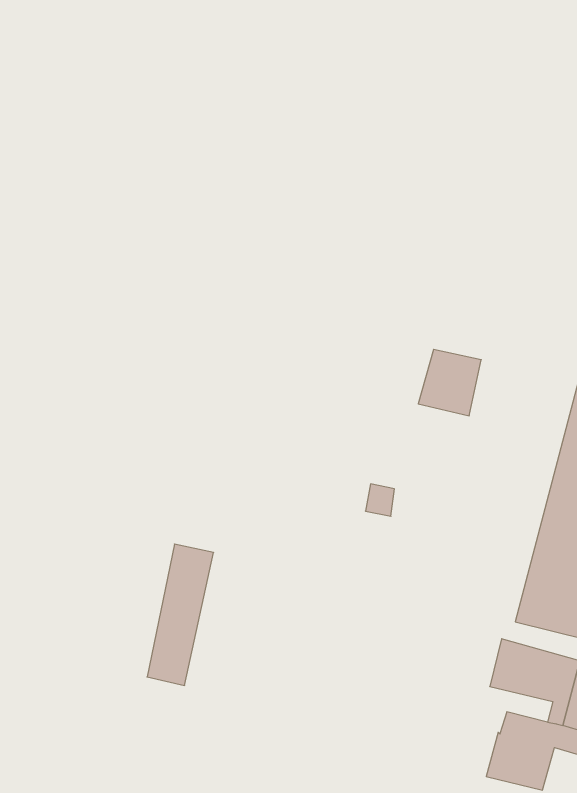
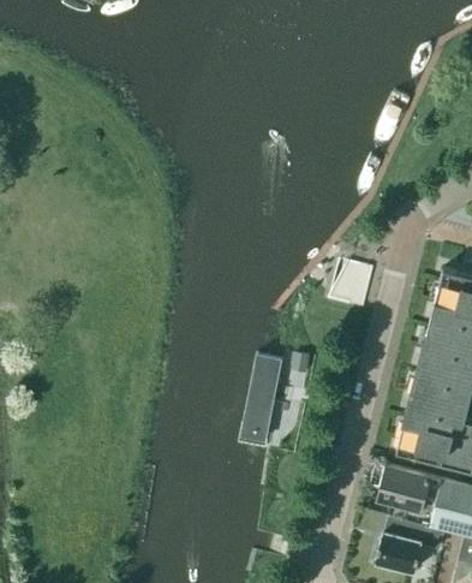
building: [147,544,214,685] -> [238,359,285,459]

